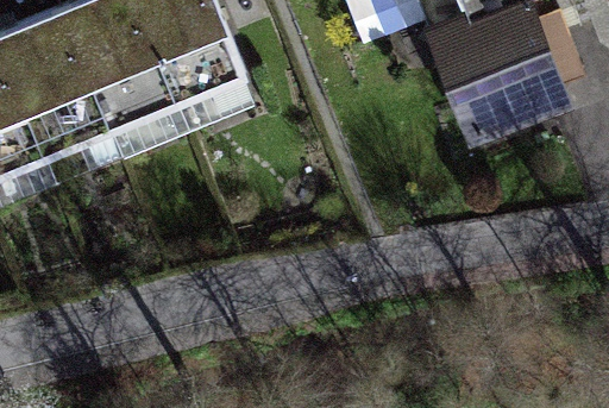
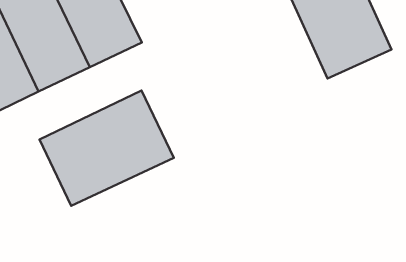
building: none -> [39,91,174,206]

